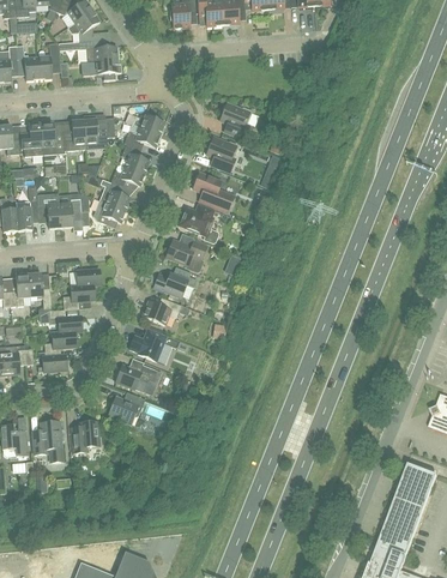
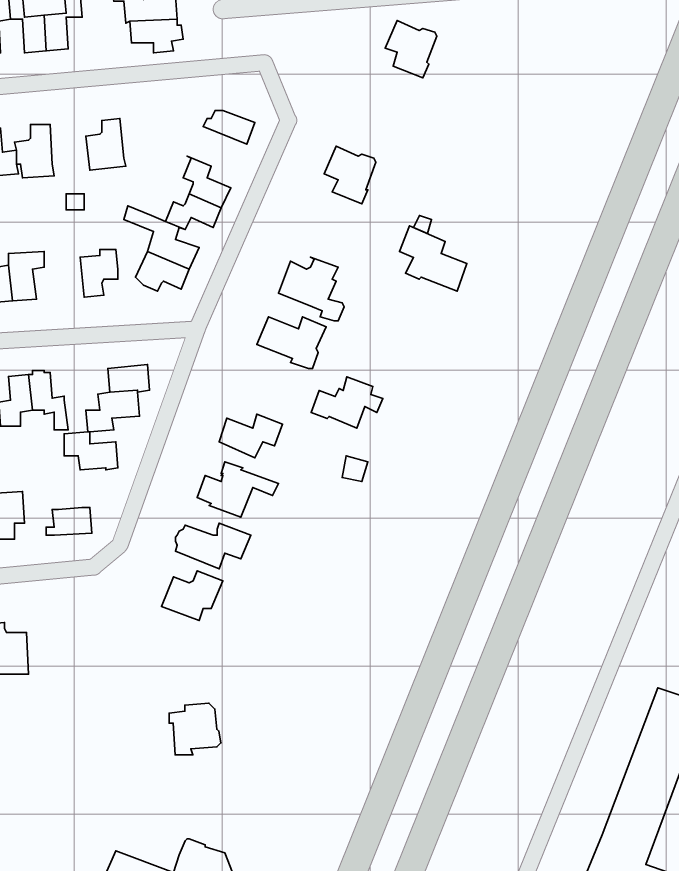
building: [219,102,250,137] -> [385,20,437,78]
building: [83,114,107,147] -> none
building: [41,121,65,153] -> none
building: [123,122,159,147] -> none
building: [193,171,234,211] -> [399,226,467,291]
building: [36,192,61,227] -> none
building: [153,265,197,296] -> [311,377,383,428]
building: [44,330,75,355] -> none
building: [31,420,65,460] -> none
building: [70,420,101,451] -> [169,703,221,755]

